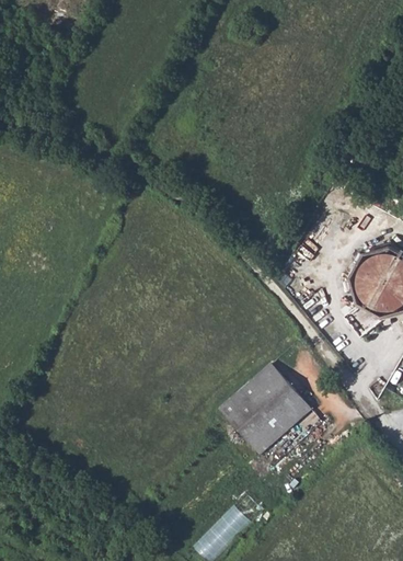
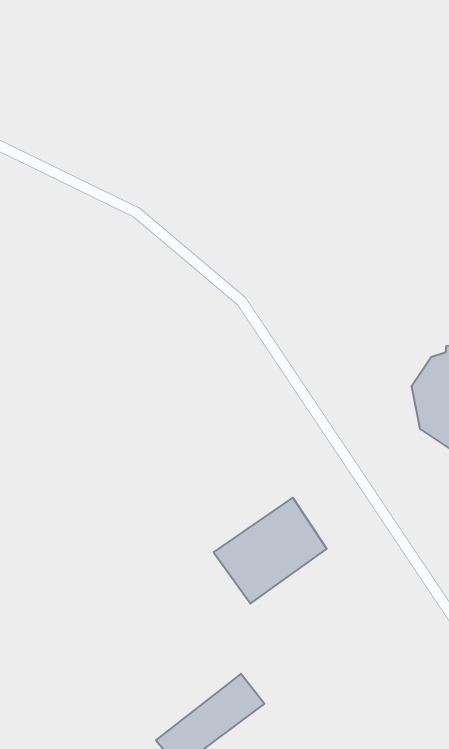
building: [247,397,310,454] -> none

